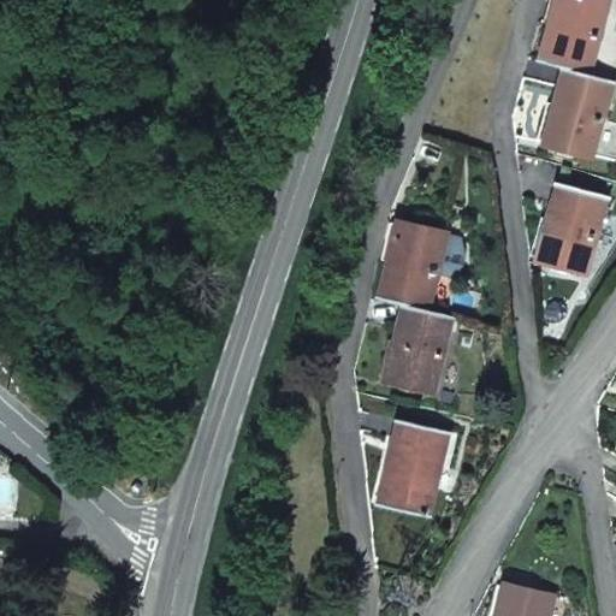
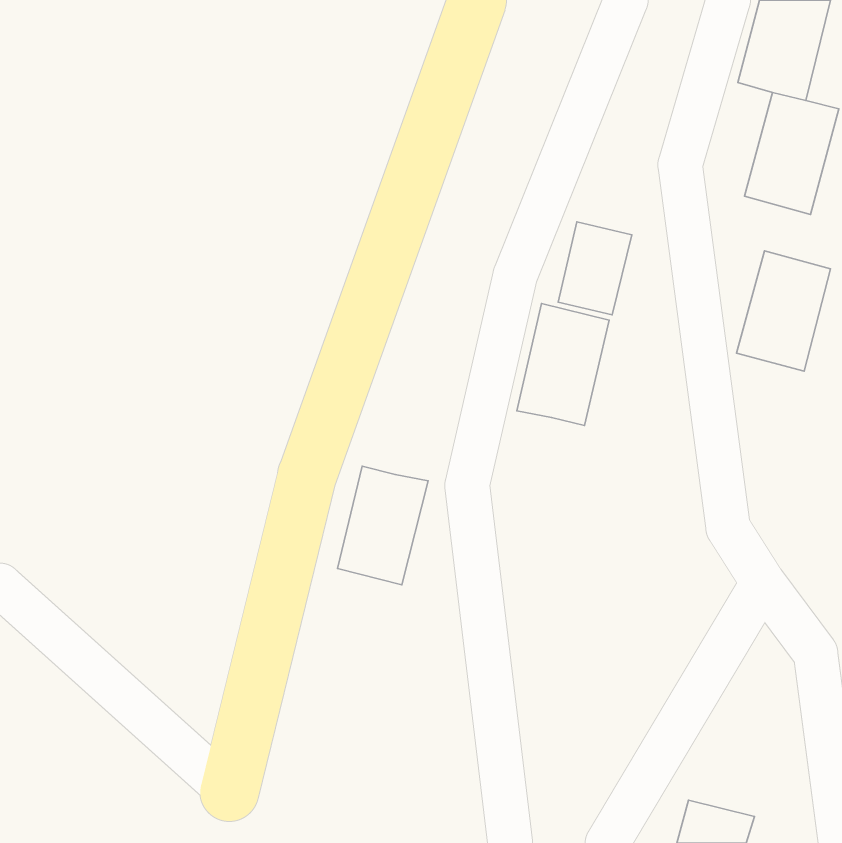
building: none -> [558,222,632,315]
building: [385,304,451,391] -> [337,466,428,585]
building: [379,419,450,513] -> none

